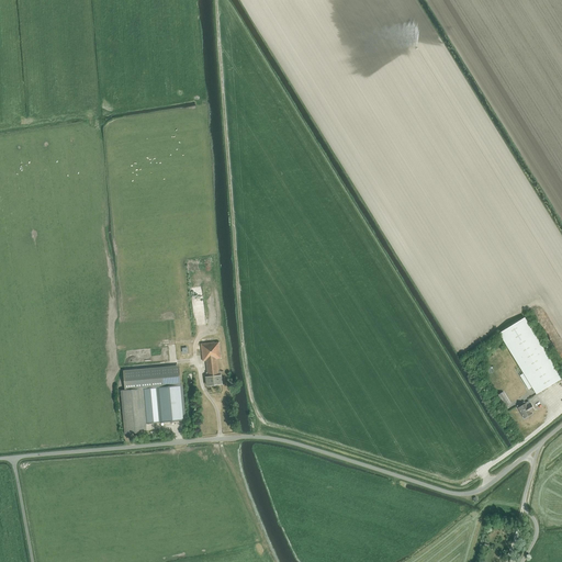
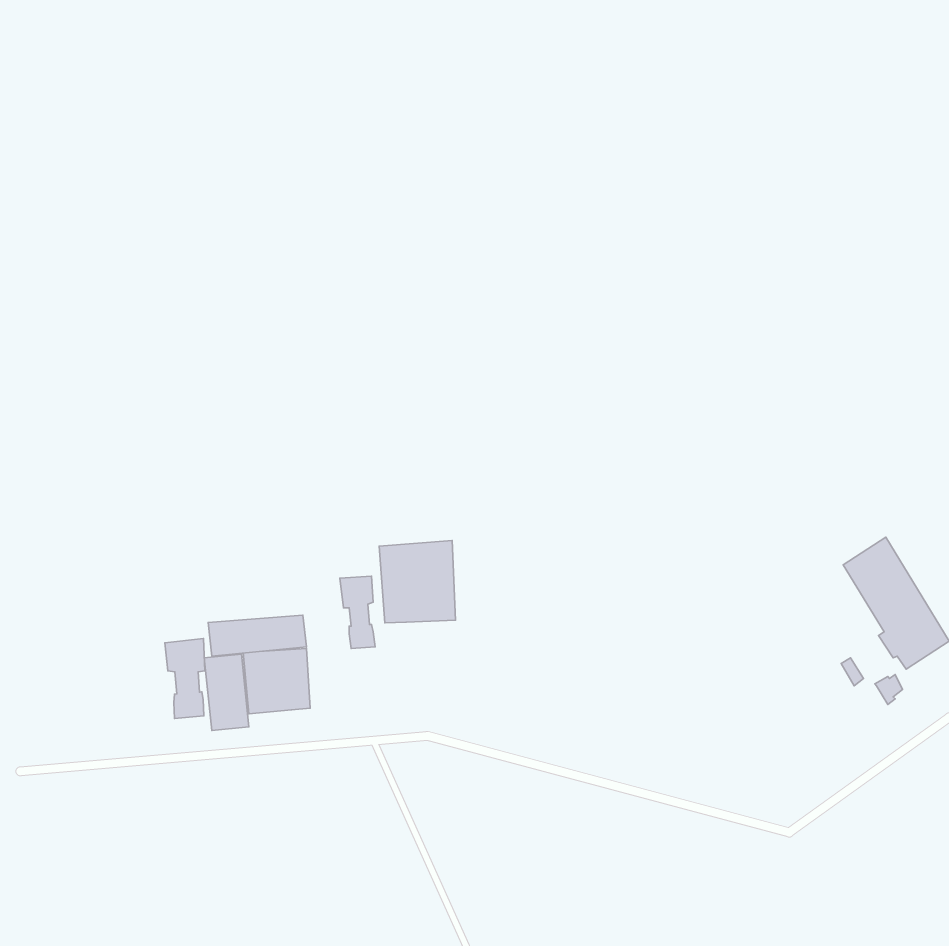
building: none -> [379,541,456,623]
building: none -> [165,639,205,719]

